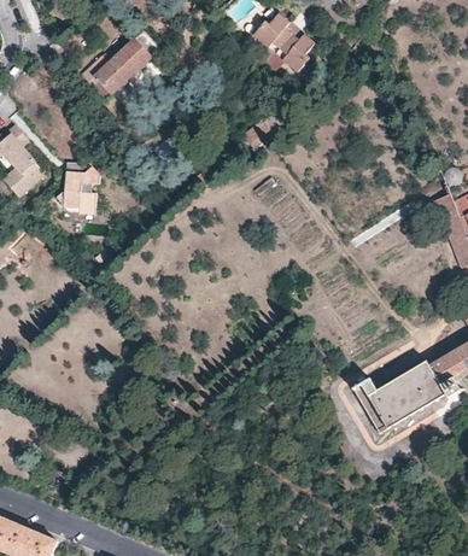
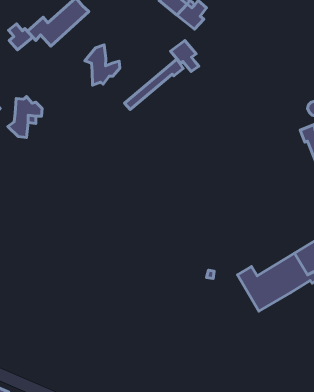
building: none -> [8,24,33,50]
building: none -> [170,40,199,71]
building: none -> [85,45,120,85]

